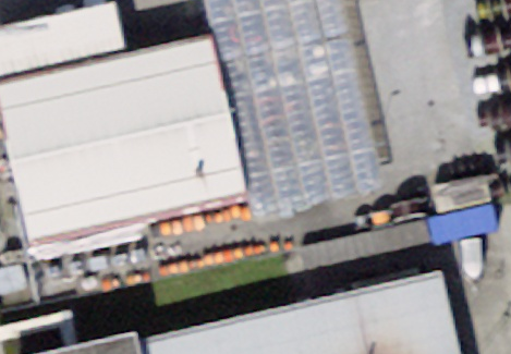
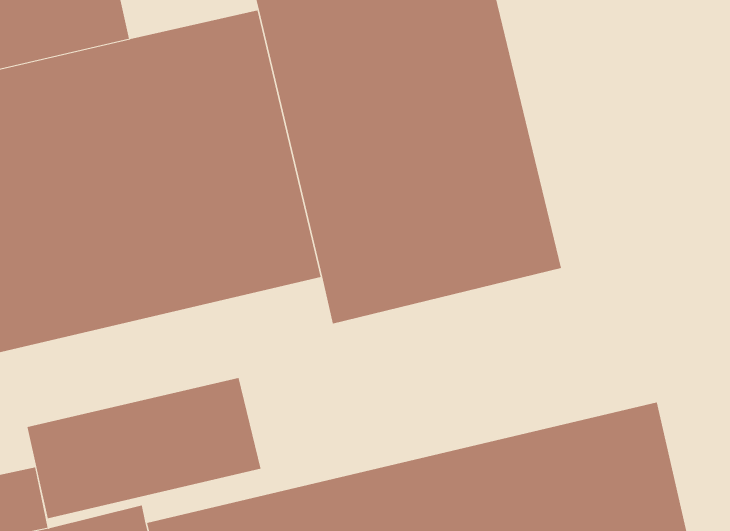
building: none -> [27,377,261,519]

